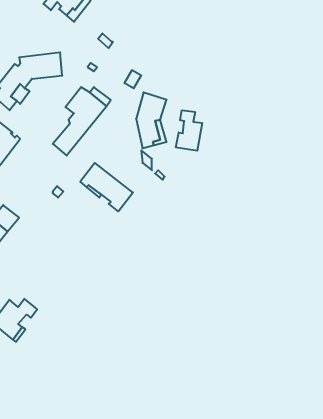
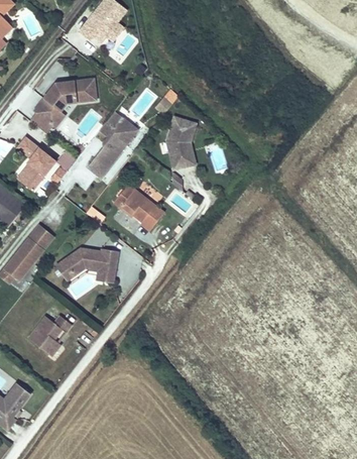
building: [176,110,202,151] -> none
building: none -> [55,248,118,283]

